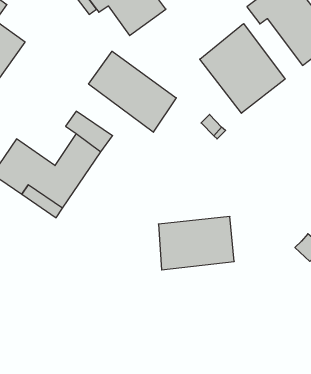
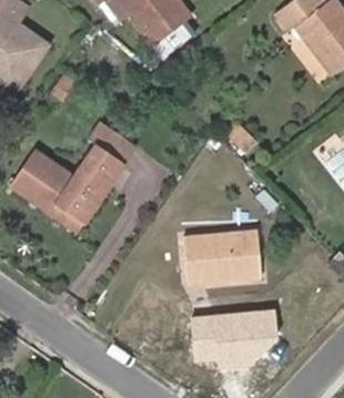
building: [200,24,285,113] -> none
building: [89,51,176,132] -> none
building: none -> [190,312,275,361]

